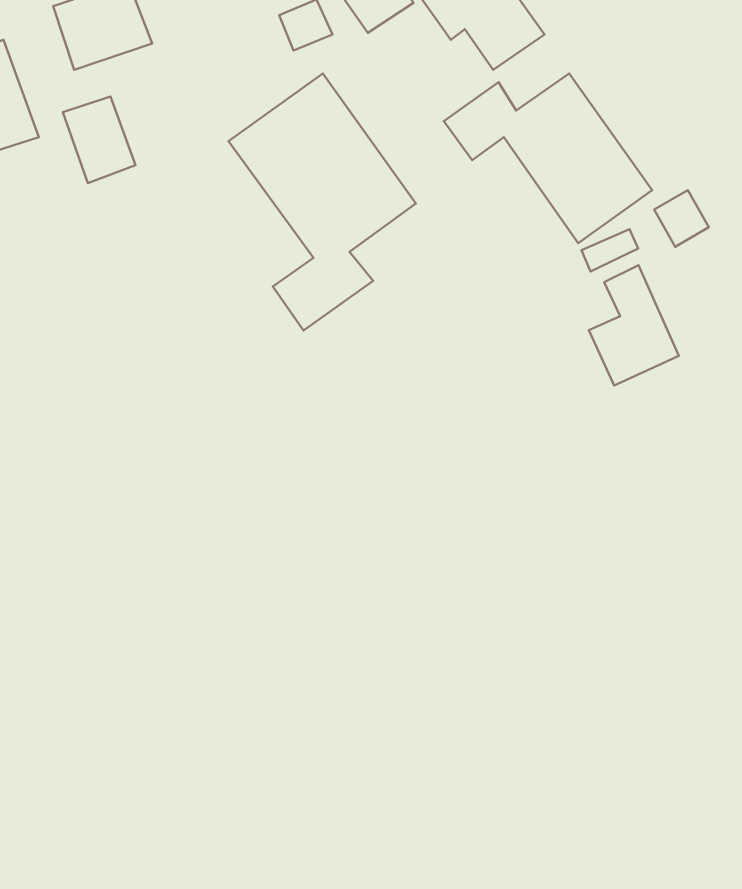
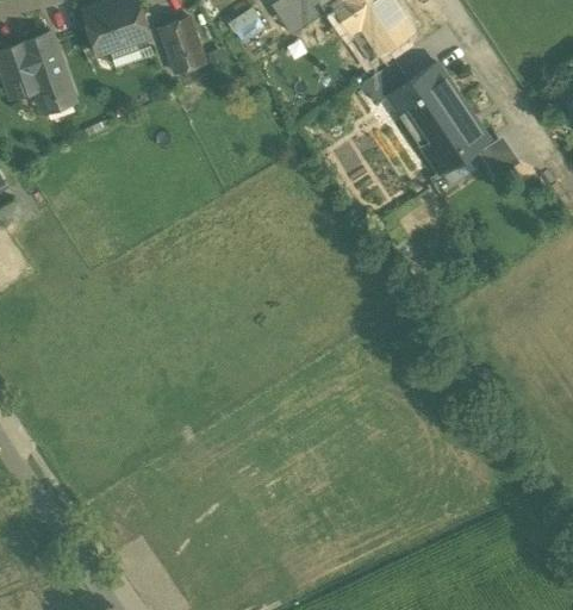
building: [228,74,416,331] -> none
building: [63,96,135,183] -> [156,15,205,74]
building: [589,265,679,386] -> none

